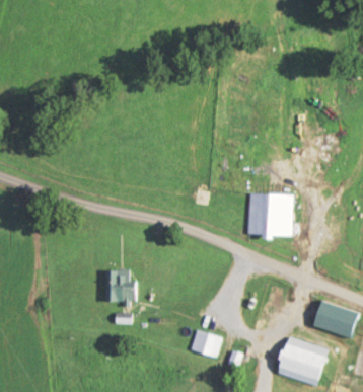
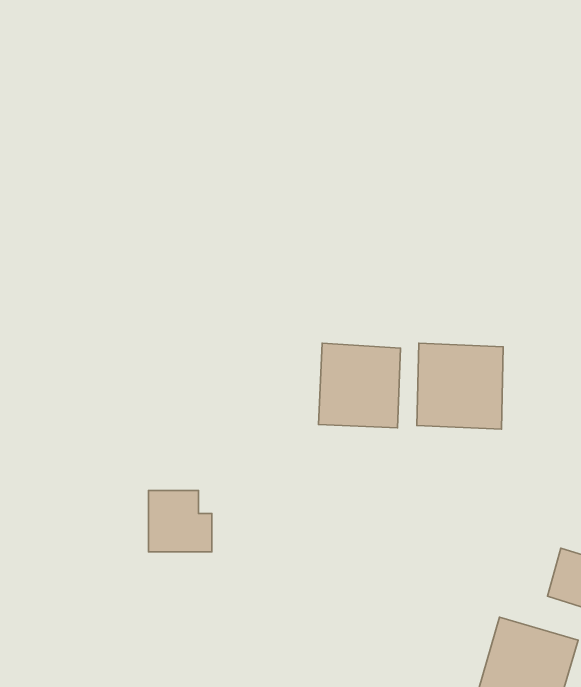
building: none -> [318,343,400,428]
building: [189,328,220,357] -> none

